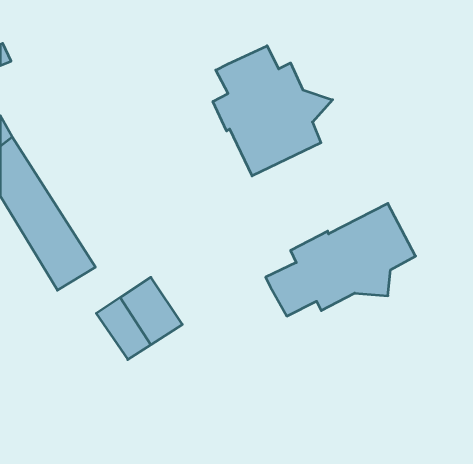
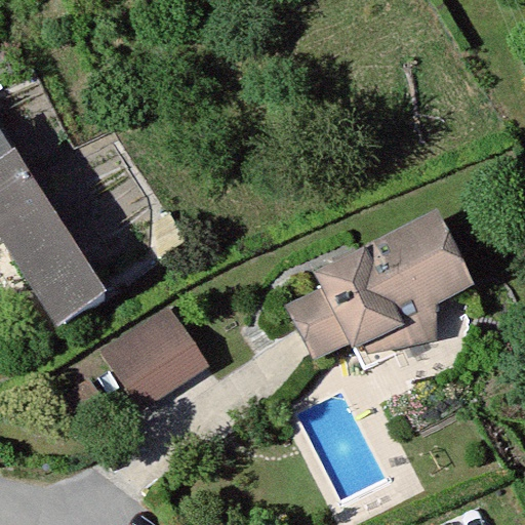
building: [213,46,333,176] -> none

